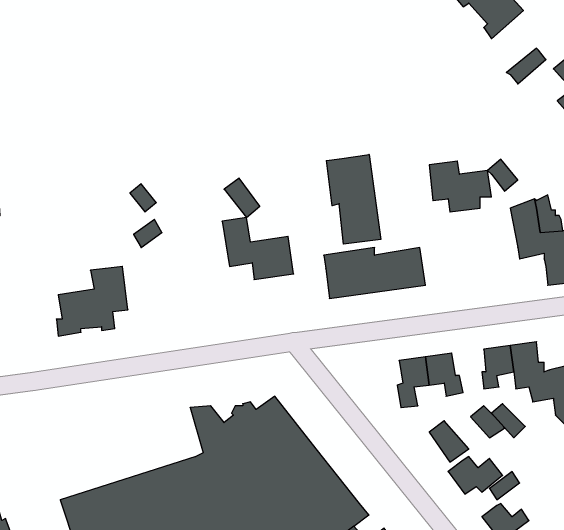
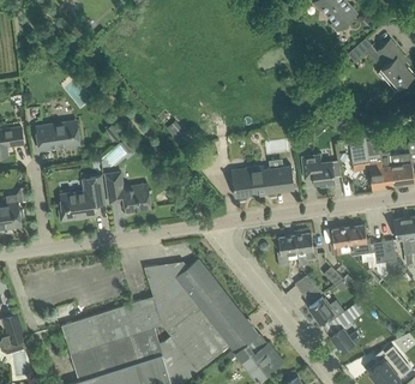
building: [326,154,381,244] -> none
building: [429,161,491,212] -> [301,154,341,186]
building: none -> [35,120,80,150]
building: [222,218,294,280] -> [104,172,150,211]

